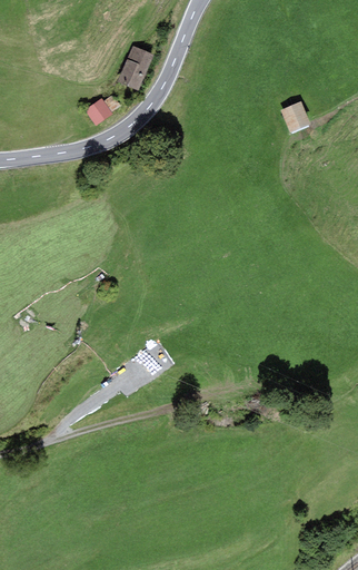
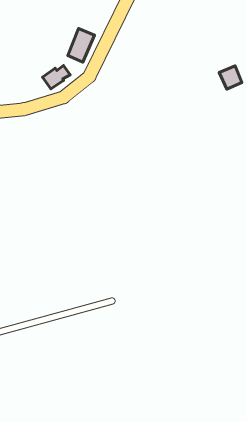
building: [280,101,310,132] -> [219,66,242,89]

